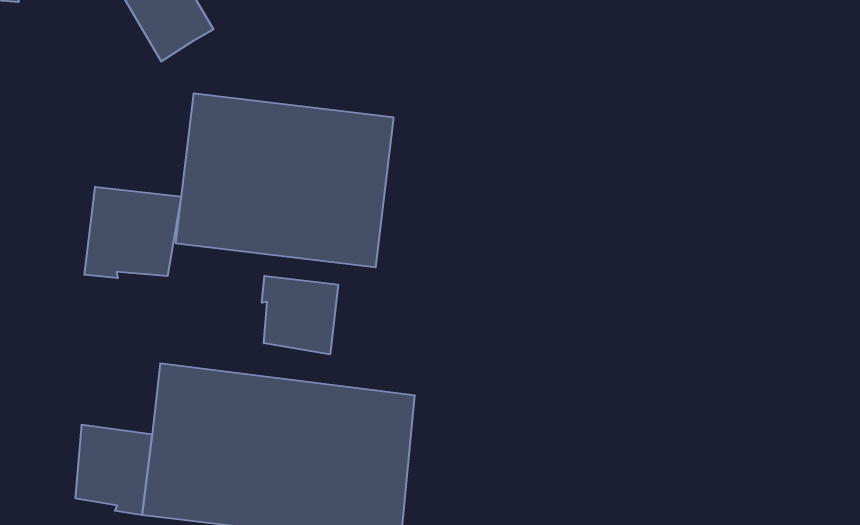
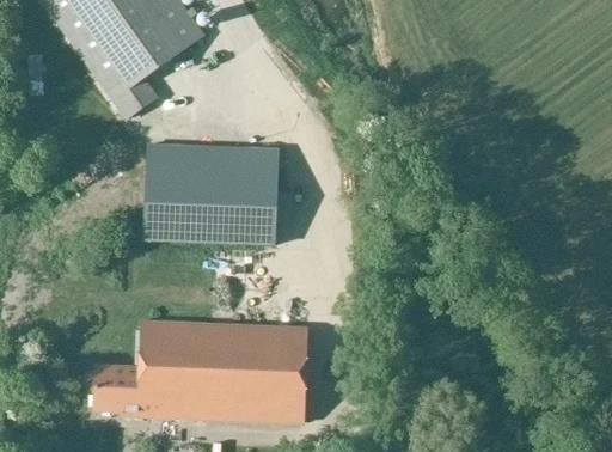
building: [85,187,181,278] -> none
building: [262,276,338,354] -> none

